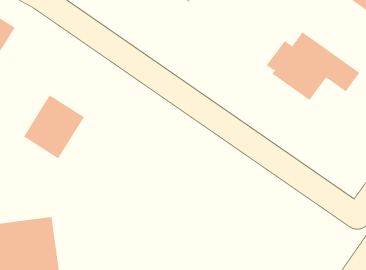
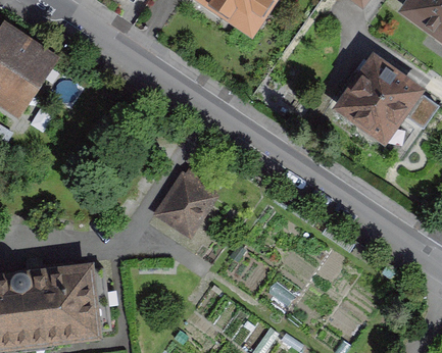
building: [23,95,85,159] -> [152,169,219,240]

